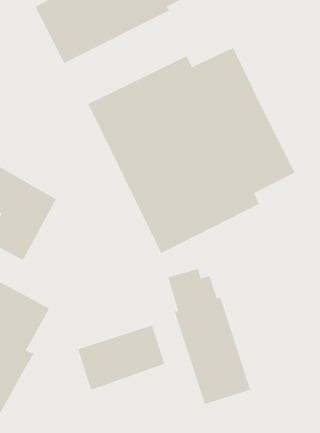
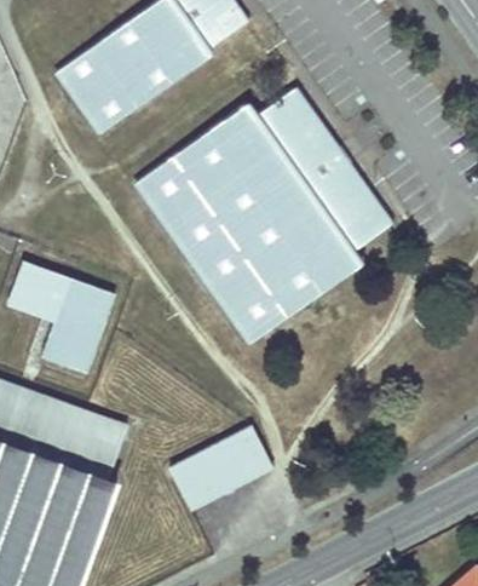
building: [167,268,251,405] -> none

